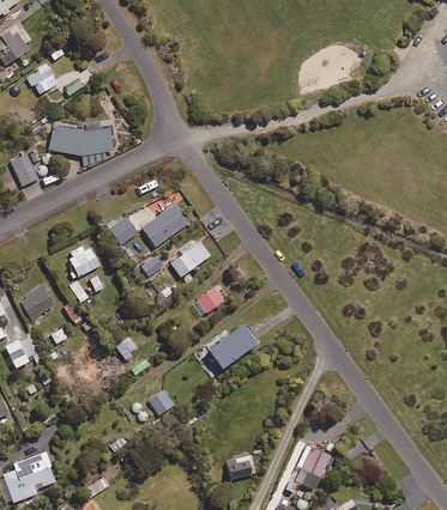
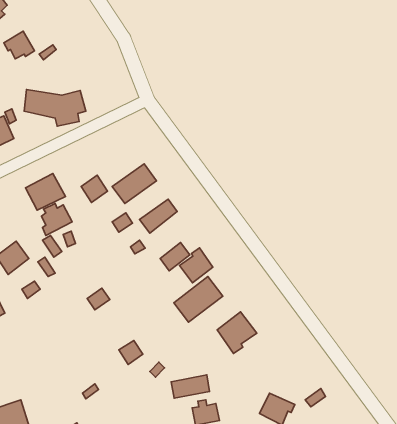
building: none -> [26,174,65,210]
building: none -> [179,248,213,283]
building: none -> [217,312,257,353]
building: none -> [171,375,210,398]

